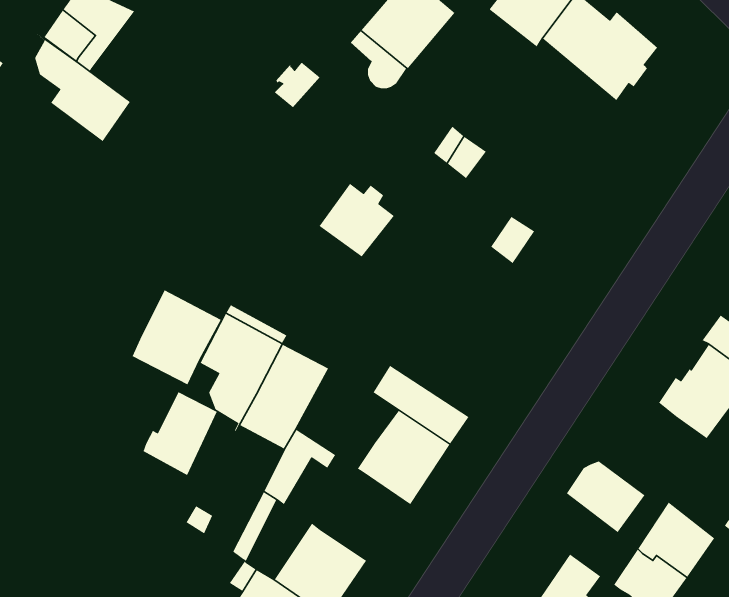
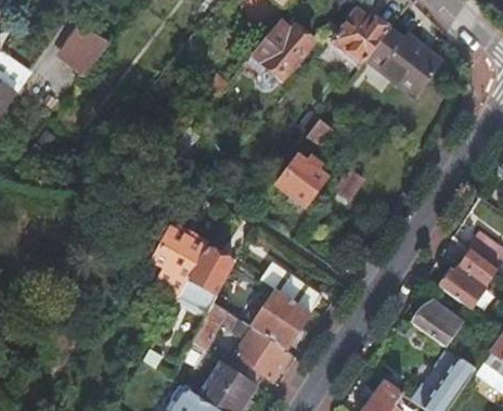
building: [34,33,131,142] -> none
building: [319,183,395,257] -> [276,156,324,203]
building: [132,289,222,386] -> none
building: [142,391,218,476] -> none
building: [566,461,646,533] -> [413,296,463,342]
building: none -> [228,329,287,384]

